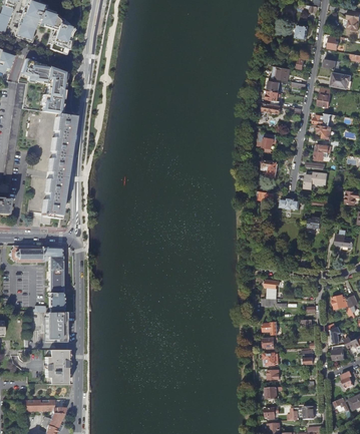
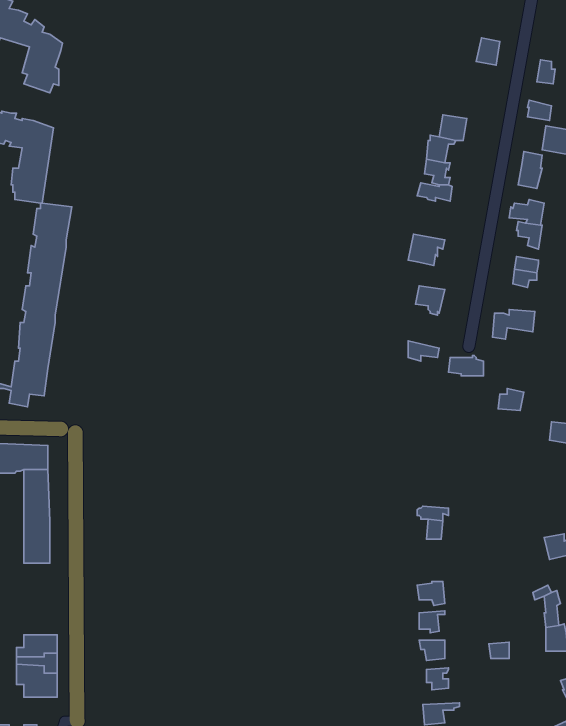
building: [45,311,68,341] -> none

